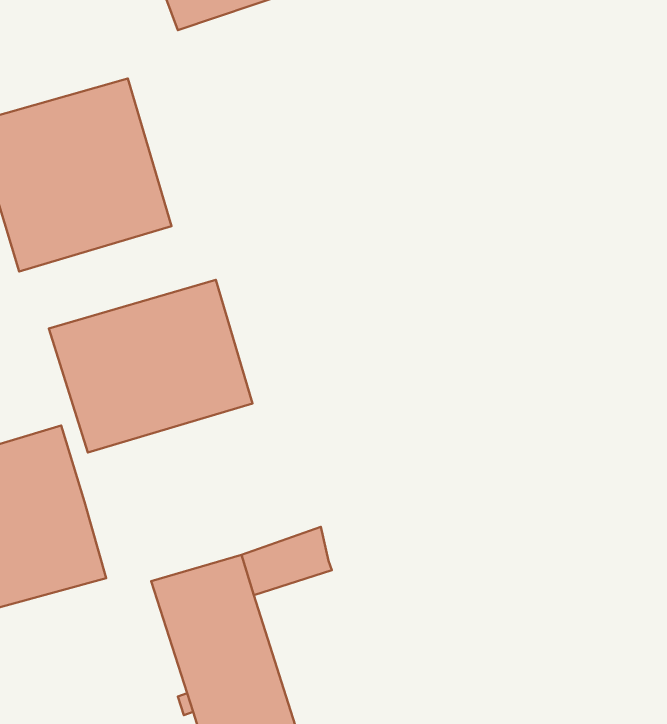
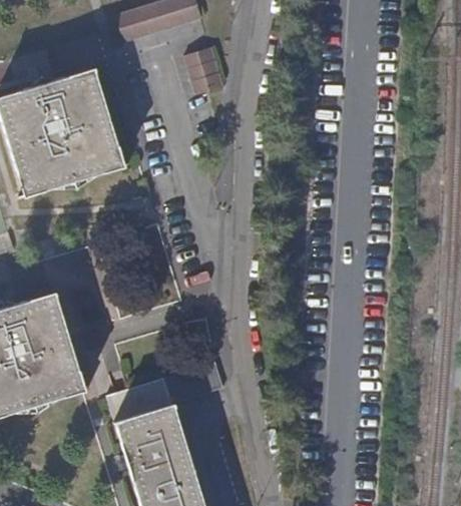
building: none -> [183,48,220,93]
building: [49,280,252,452] -> none

